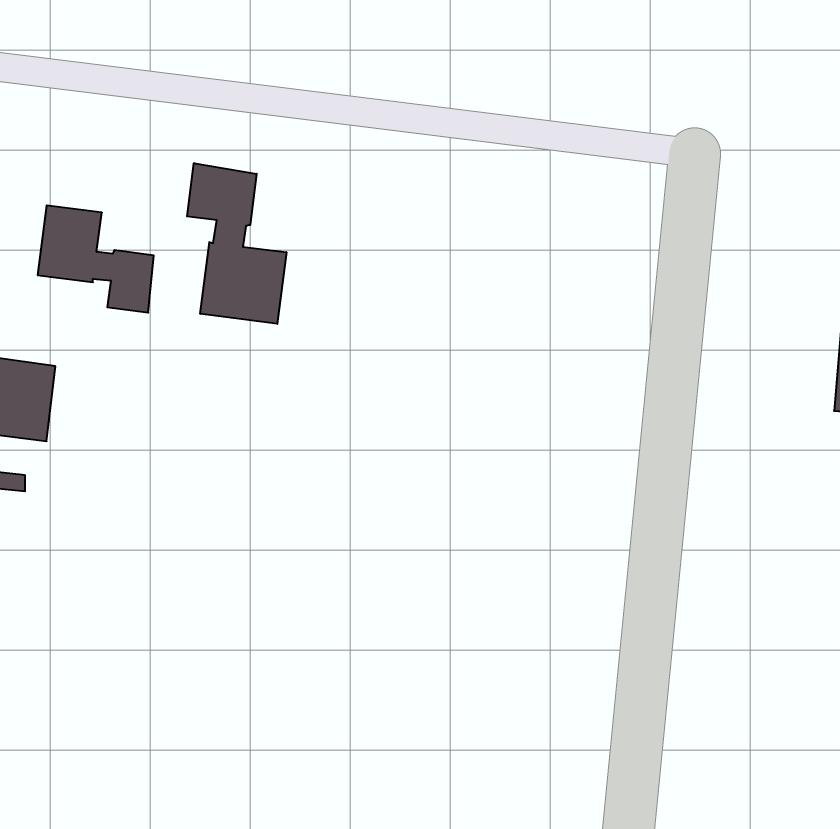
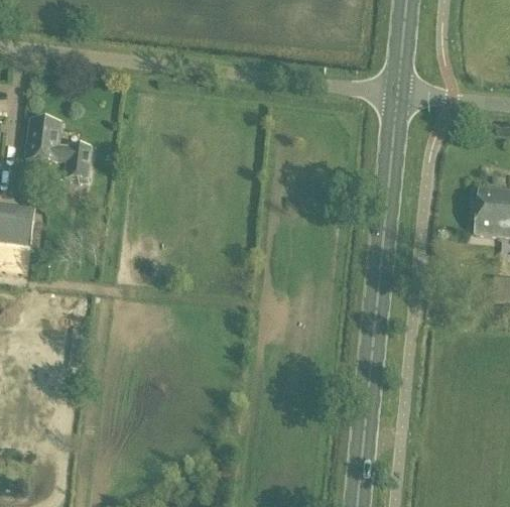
building: [187,163,286,324] -> none

